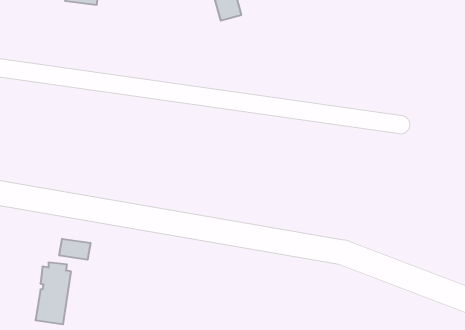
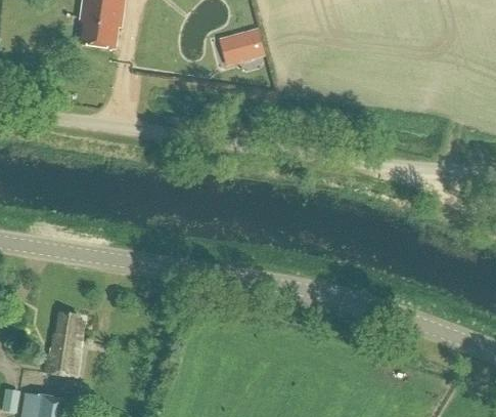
building: [59,239,90,260] -> none

